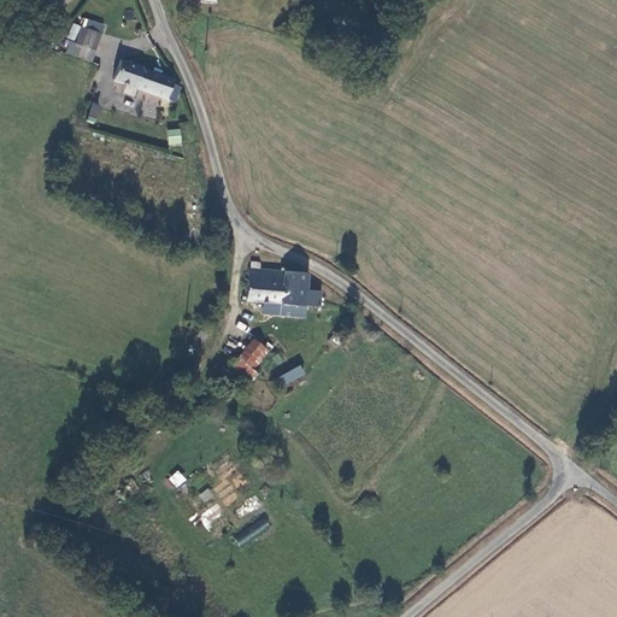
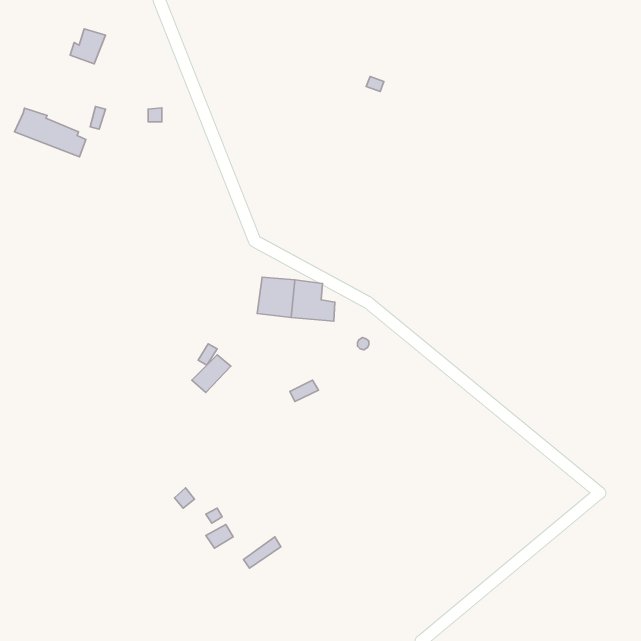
building: [111,59,180,106] -> [14,108,86,157]
building: [229,340,266,376] -> [192,355,231,393]

